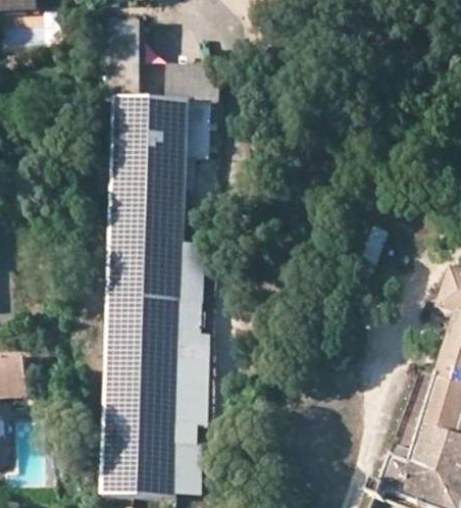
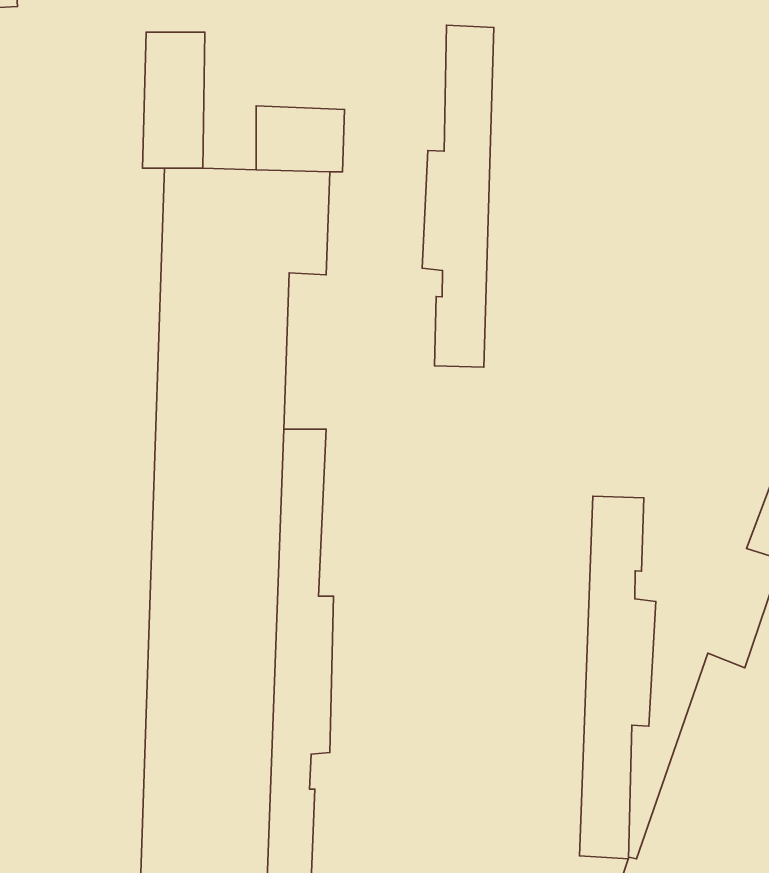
building: none -> [422,25,494,367]
building: none -> [580,496,656,859]

